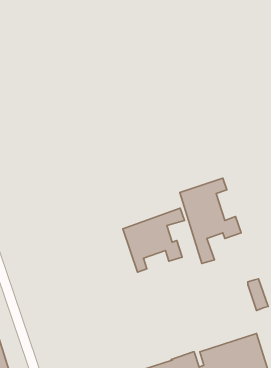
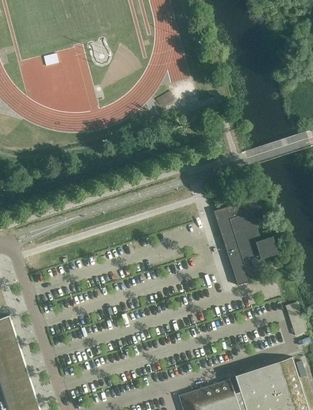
building: [123,208,185,272] -> none

